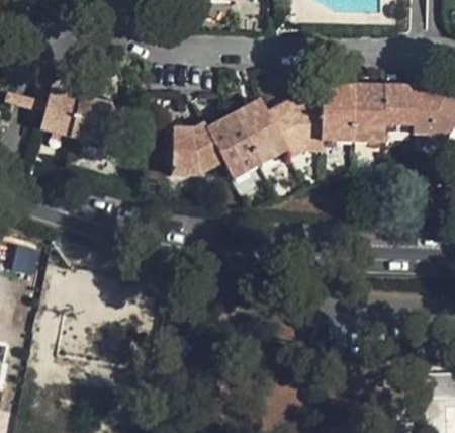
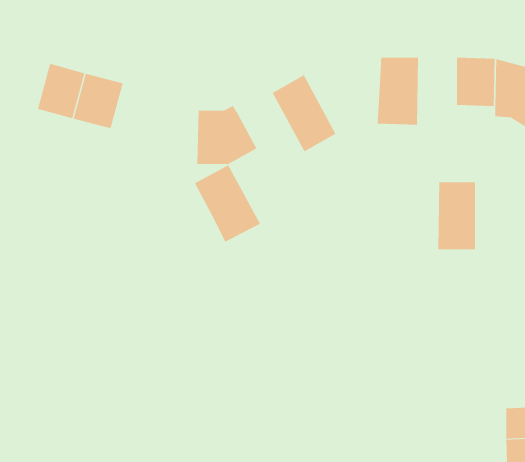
building: [355,85,386,141] -> [437,182,476,250]
building: [269,101,324,156] -> none
building: [207,114,262,178] -> [194,165,261,243]

